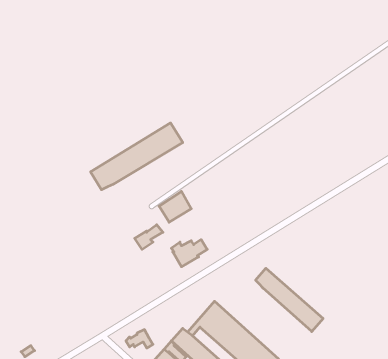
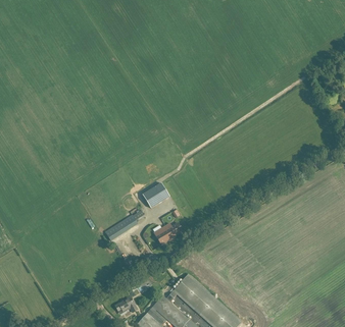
building: [91,123,183,190] -> none
building: [256,268,323,332] -> none

